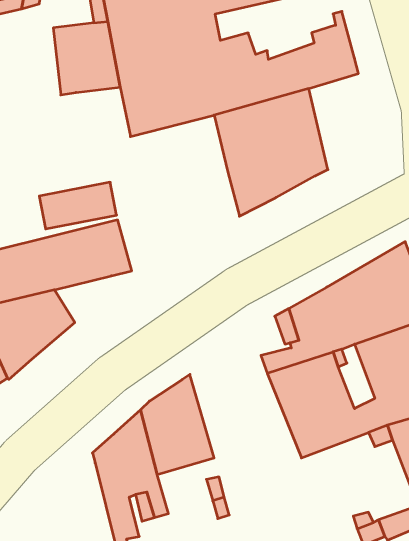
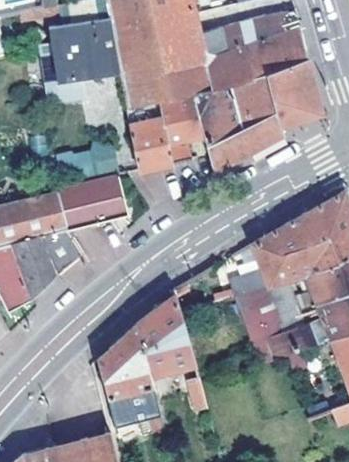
building: none -> [221,12,290,48]
building: none -> [47,23,87,101]
building: none -> [269,59,322,127]
building: none -> [128,92,205,171]

